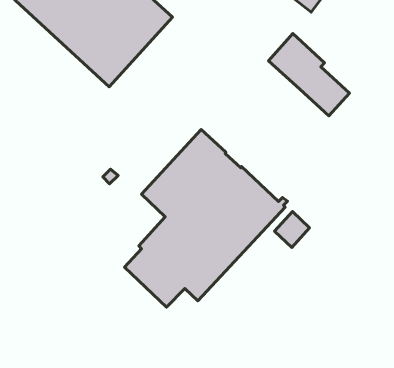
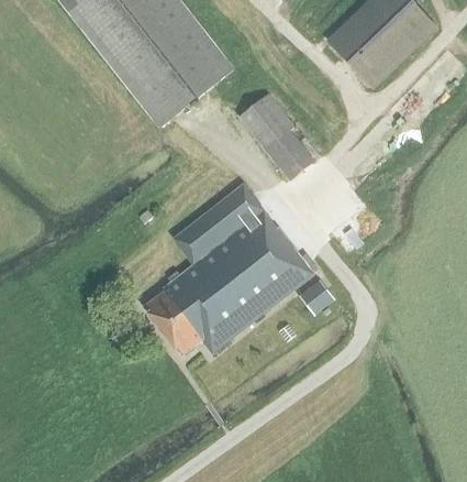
building: [269,33,350,116] -> [238,92,313,179]

